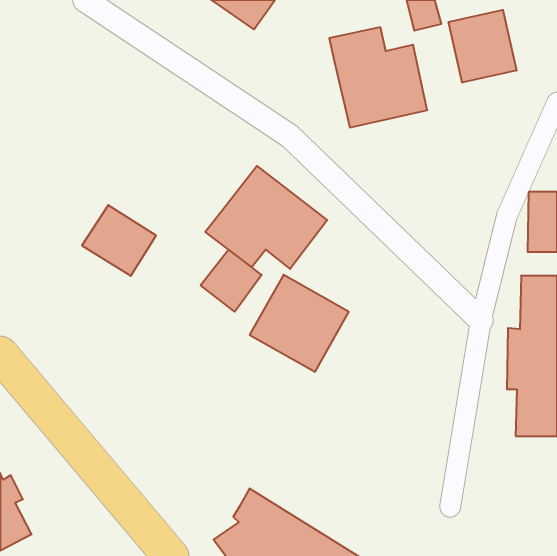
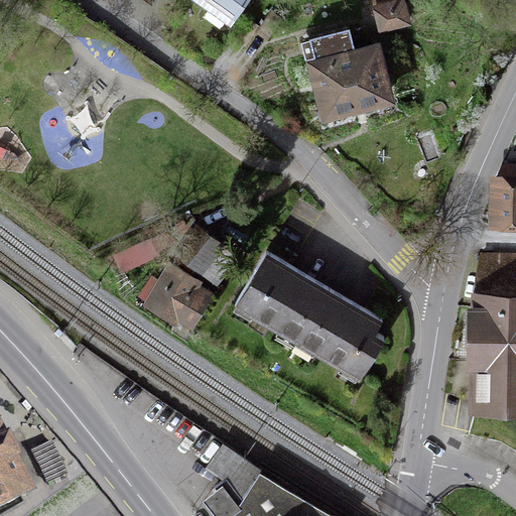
building: [449,10,517,83] -> none
building: [205,166,327,269] -> none
building: [82,205,156,276] -> [142,268,211,334]
building: none -> [291,289,377,379]

